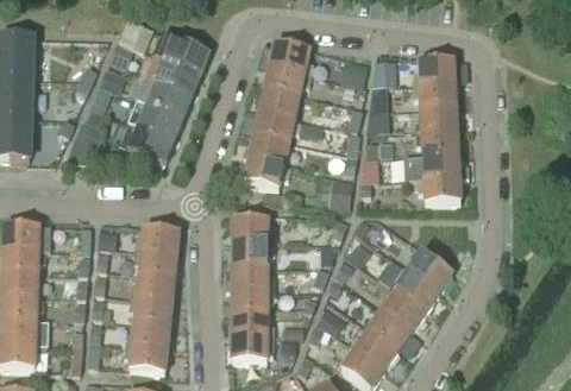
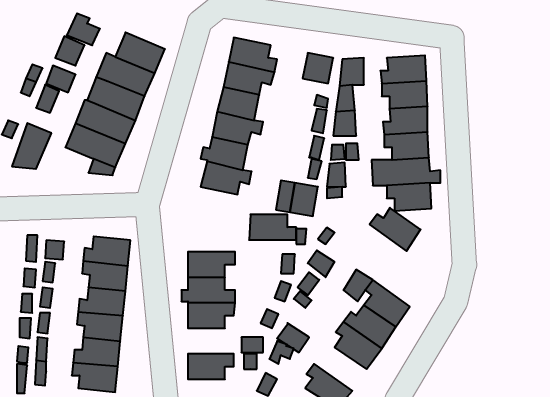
building: [232,216,276,240] -> [249,214,296,240]
building: [404,251,452,291] -> [370,208,421,251]
building: [232,311,275,335] -> none
building: [350,329,399,370] -> none

